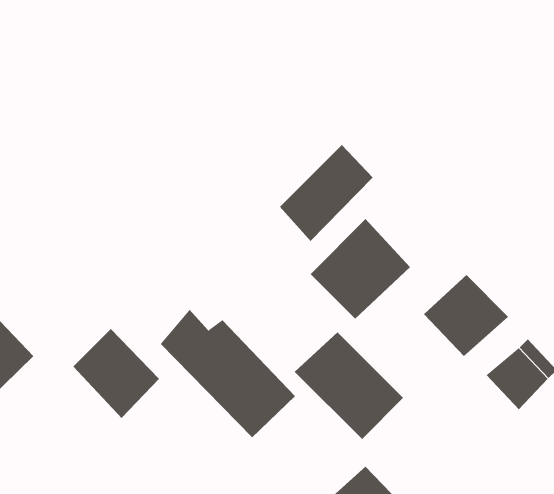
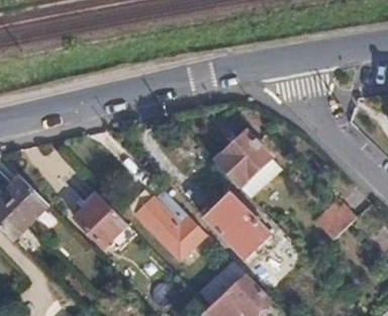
building: [279,144,373,242] -> none
building: [423,274,509,357] -> none

